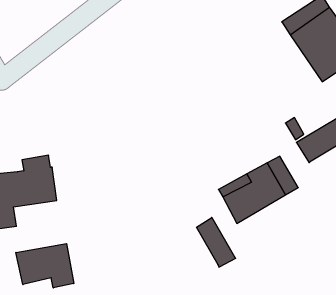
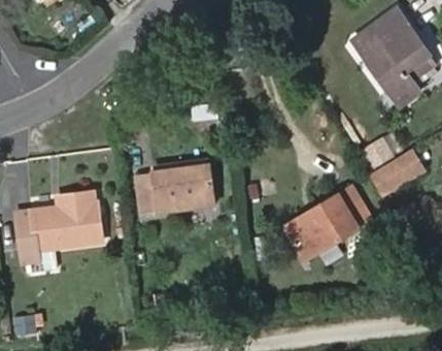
building: none -> [135,162,213,212]
building: [197,217,236,267] -> none
building: [16,244,74,288] -> none

